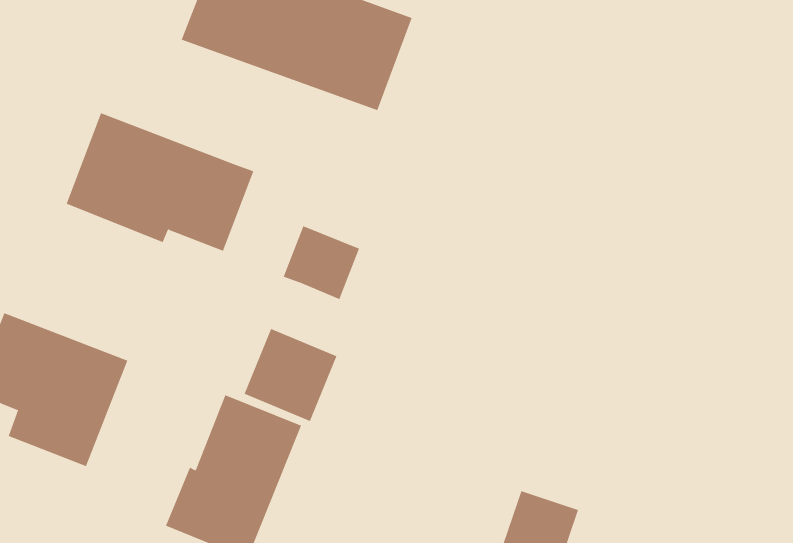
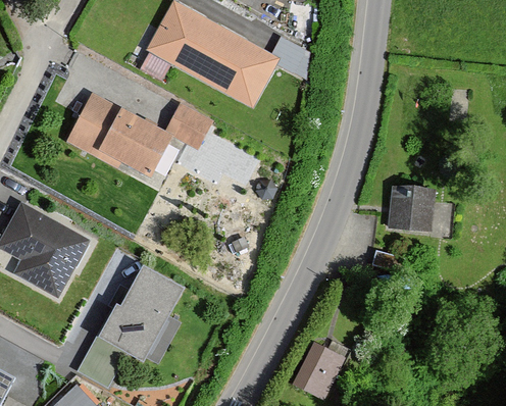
building: none -> [388,185,435,235]
building: [283,226,360,300] -> [167,102,214,148]
building: [244,328,337,422] -> none

